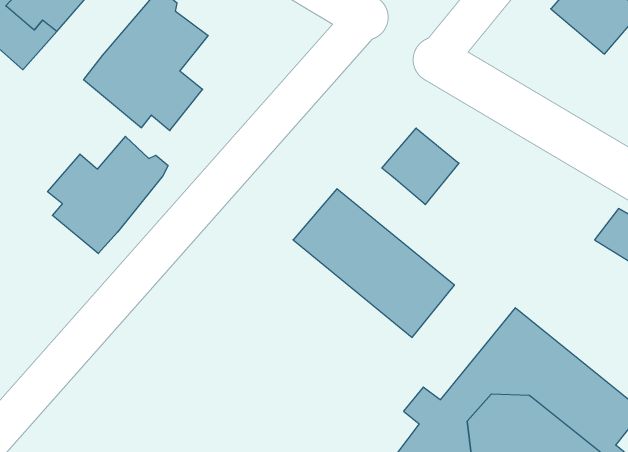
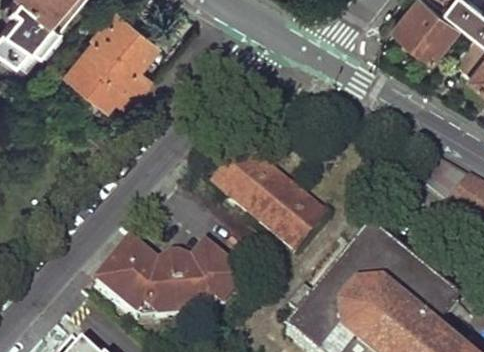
building: [382,128,459,205] -> none
building: [48,136,168,254] -> none
building: none -> [98,246,247,324]

